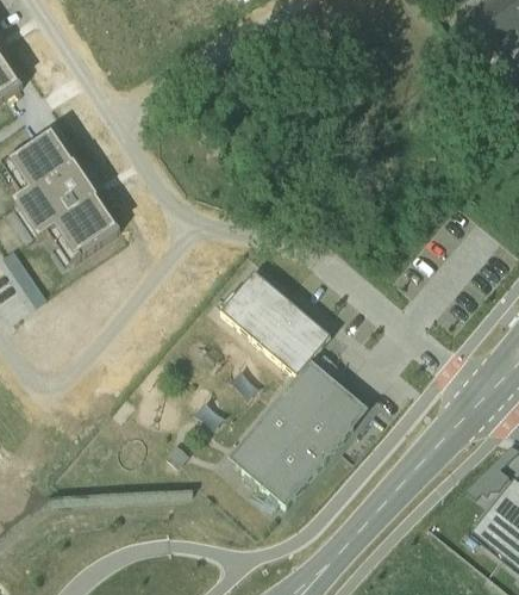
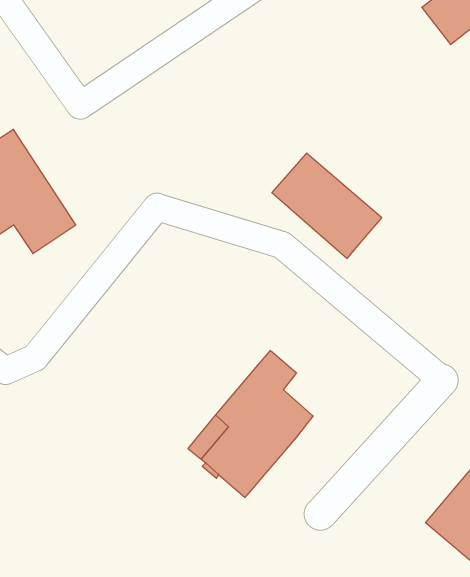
building: [223,267,332,372] -> [272,153,382,258]
building: [325,378,369,421] -> none

